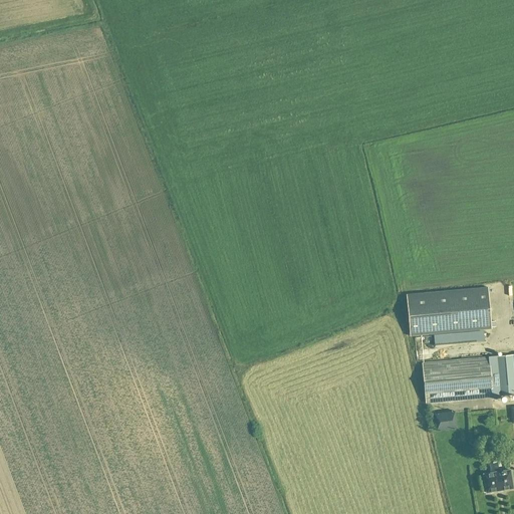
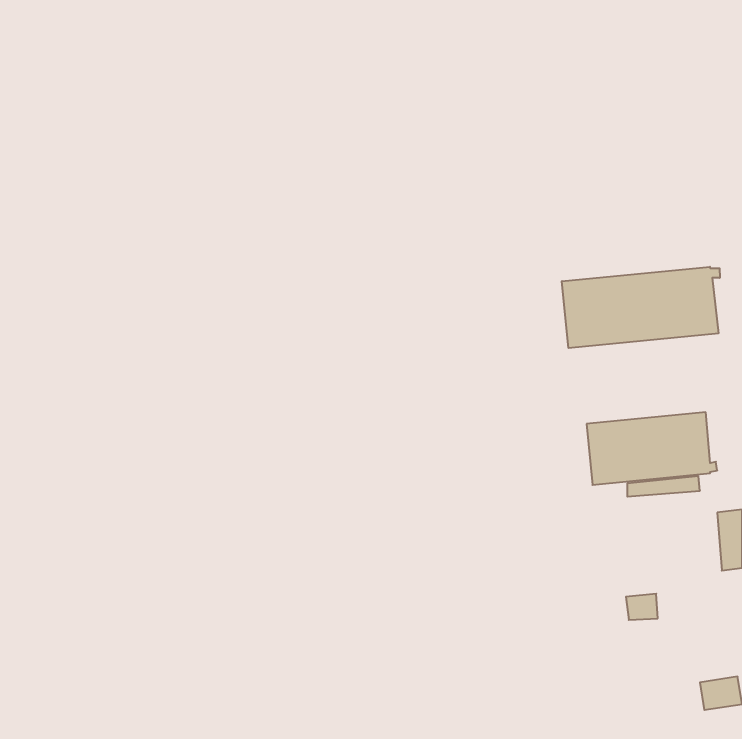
building: none -> [562,267,720,348]
building: [422,355,492,402] -> none

